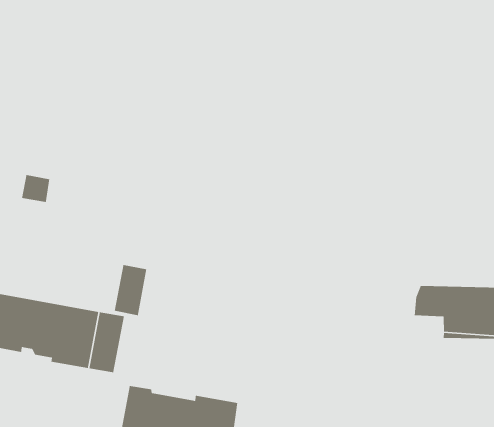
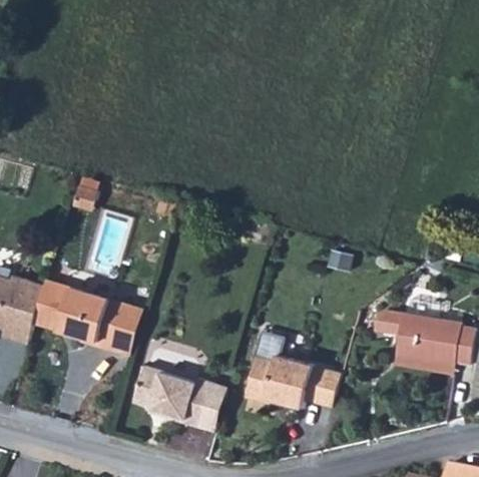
building: [114,264,147,316] -> none
building: none -> [243,355,340,411]

